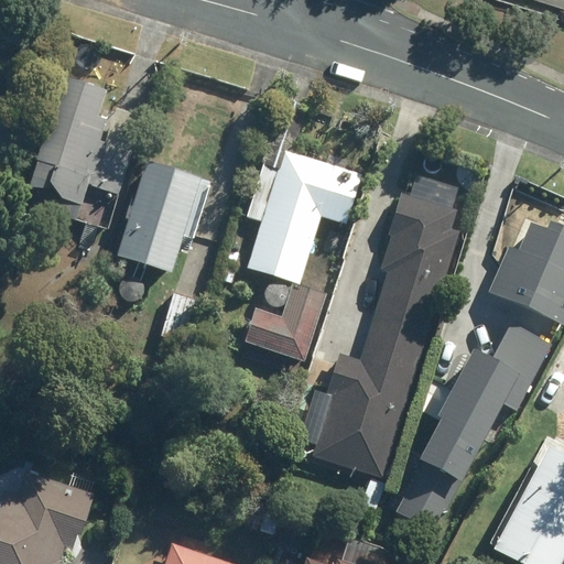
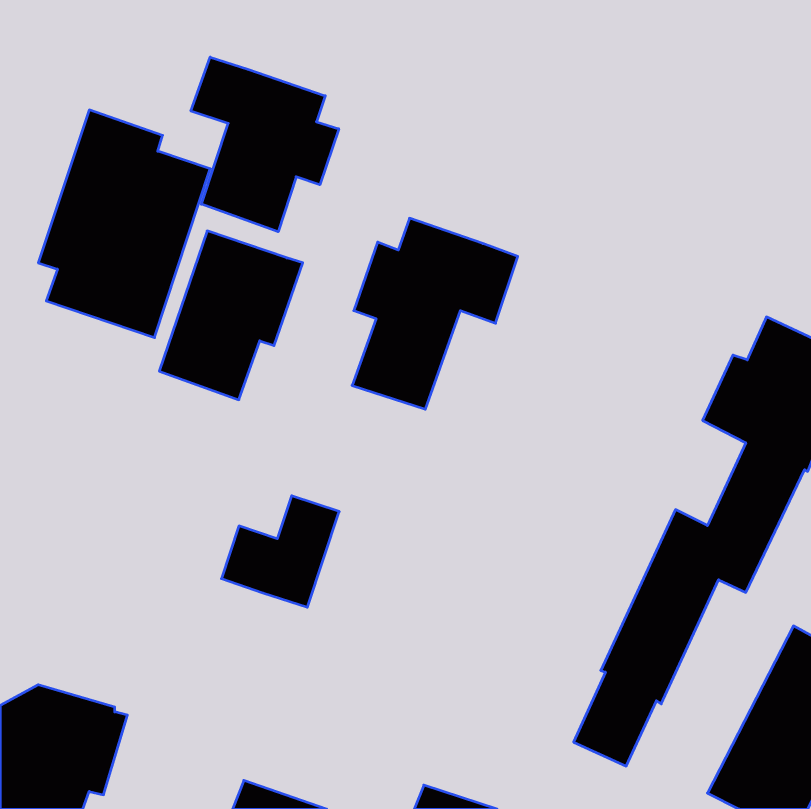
building: none -> [191,57,339,232]
building: [307,197,460,476] -> none
building: [243,285,325,362] -> [221,496,339,607]

